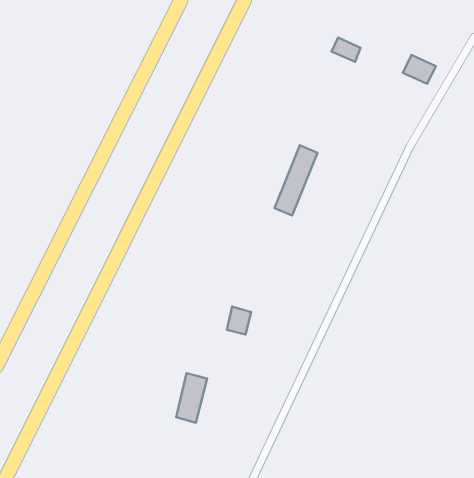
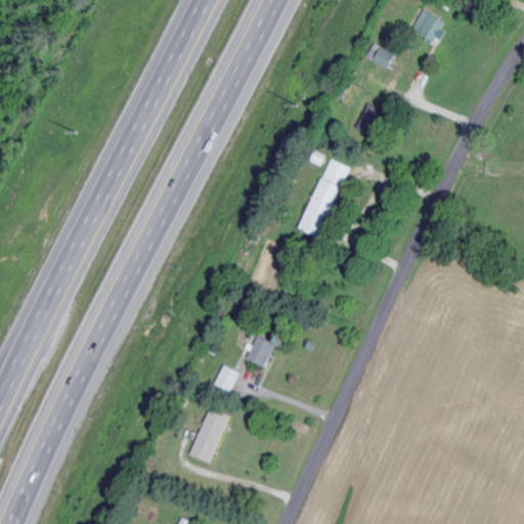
building: [403,55,436,84] -> [409,9,445,41]
building: none -> [213,364,239,392]

